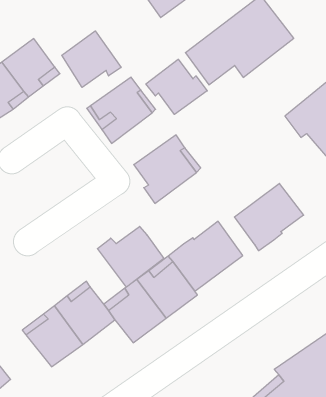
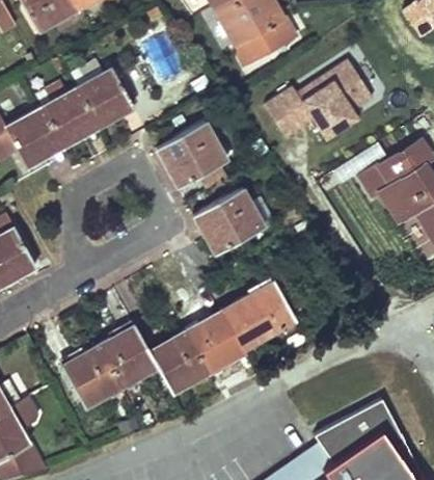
building: [62,31,121,87] -> none
building: [146,59,207,114] -> none
building: [234,183,304,251] -> none
building: [97,226,164,287] -> none

